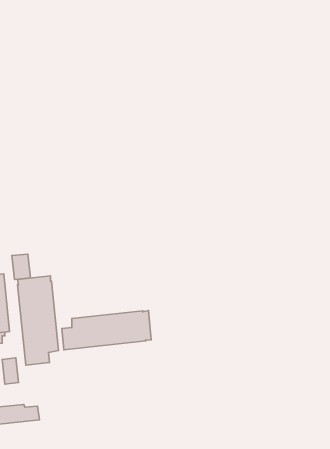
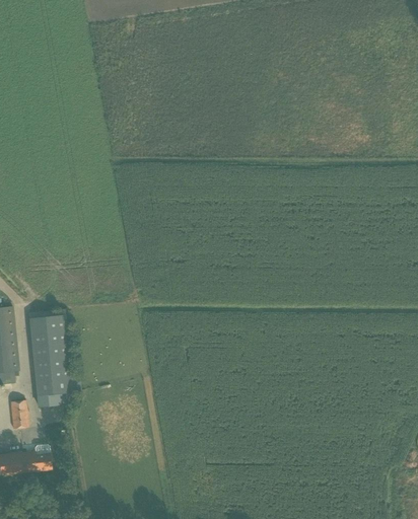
building: [12,254,30,279] -> none
building: [62,311,151,350] -> none

